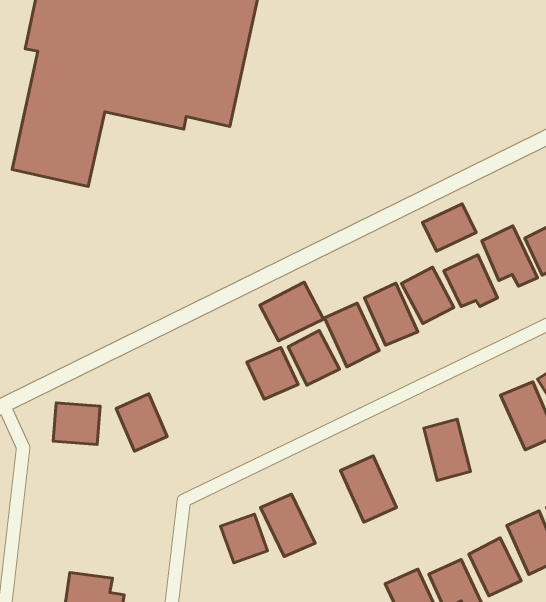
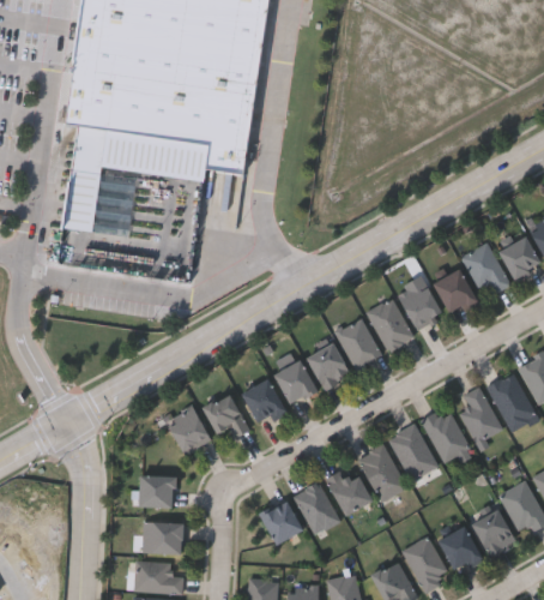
building: [423,204,476,251] -> none
building: [260,282,324,341] -> none
building: none -> [240,378,288,421]
building: none -> [201,392,248,438]
building: none -> [459,386,502,443]
building: [53,403,100,444] -> [138,475,175,508]
building: none -> [389,424,436,480]
building: none -> [325,464,369,515]
building: none -> [143,521,182,552]

